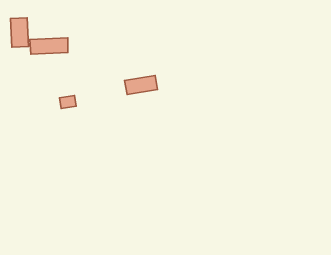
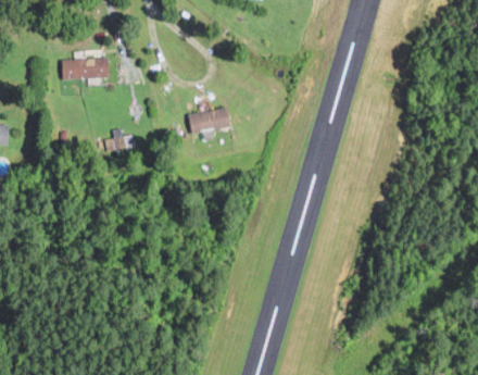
building: [11,18,29,47] -> none

